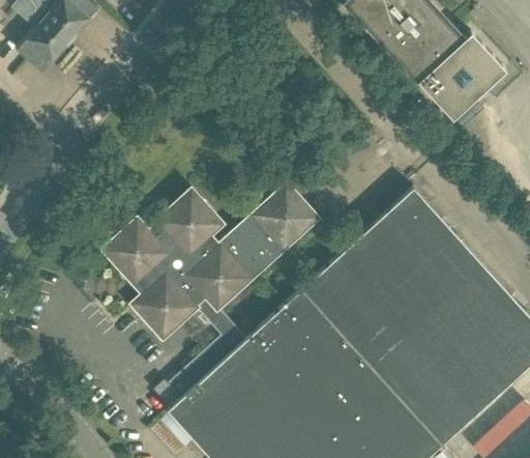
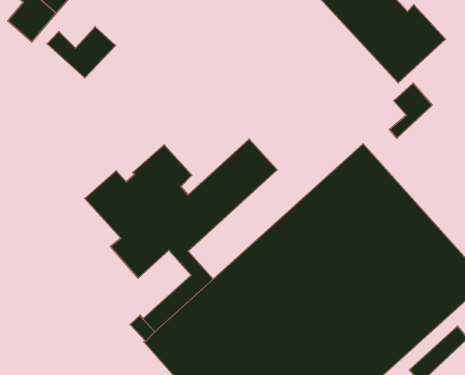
building: none -> [47,27,115,78]
building: none -> [389,83,432,138]

